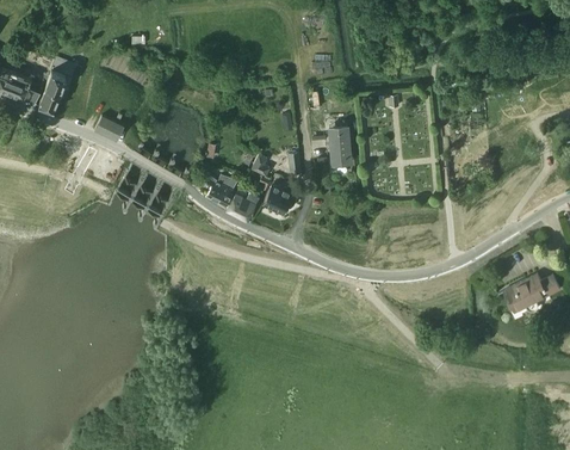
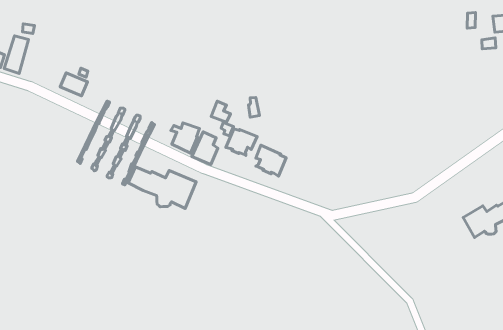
building: [329,131,349,162] -> none
building: none -> [256,145,286,176]
building: none -> [128,167,196,208]

